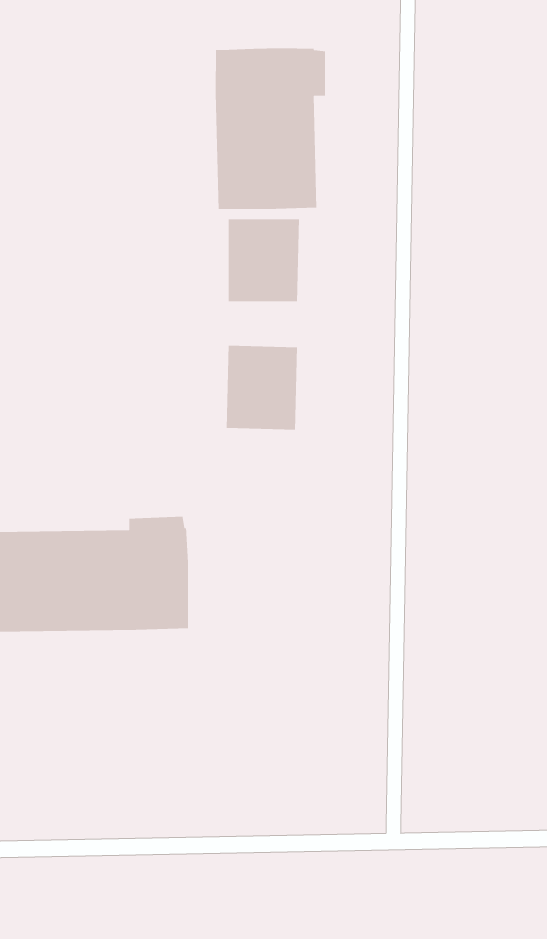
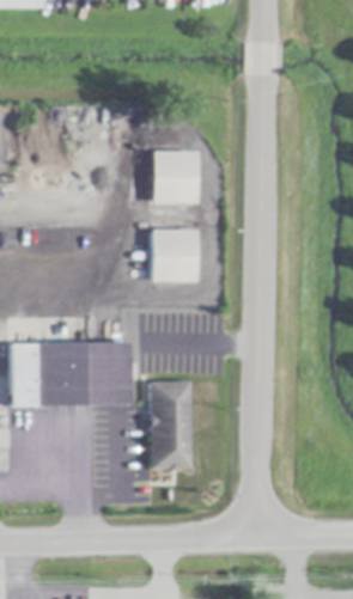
building: [215,47,326,210] -> none
building: none -> [150,380,191,469]

